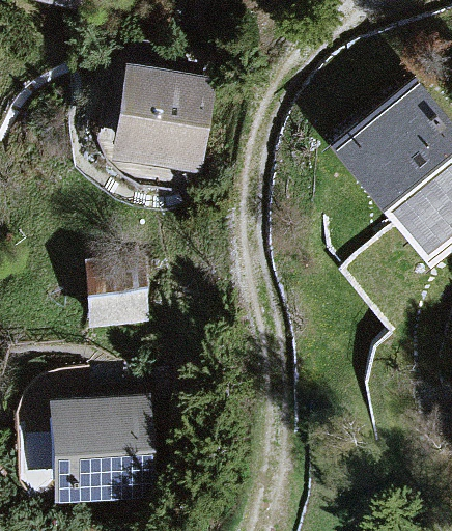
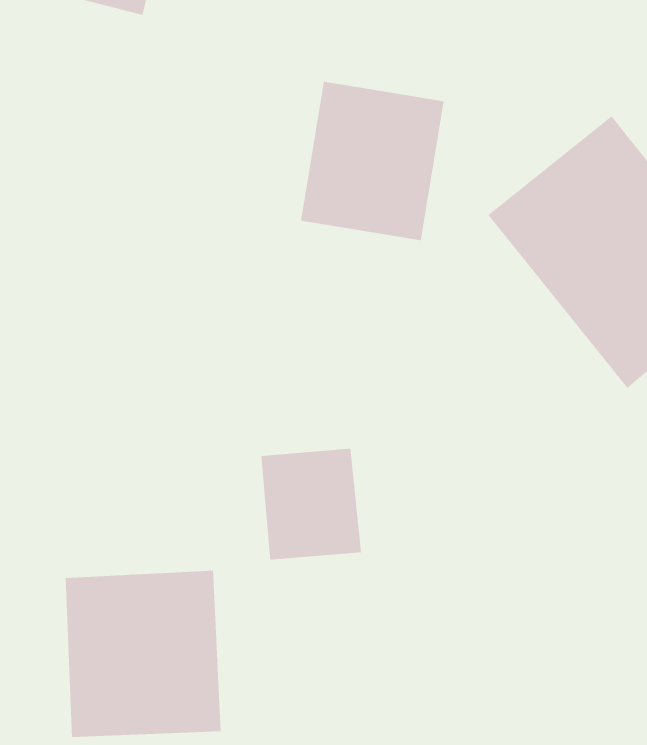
building: [113,67,210,175] -> [300,81,445,241]
building: [84,243,152,318] -> [260,448,362,560]

